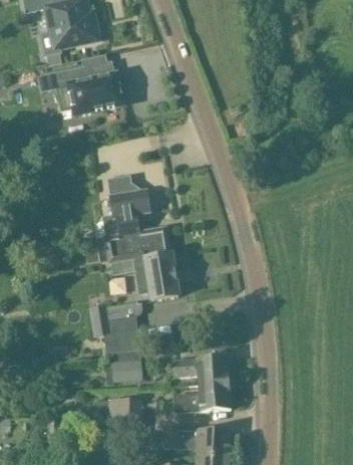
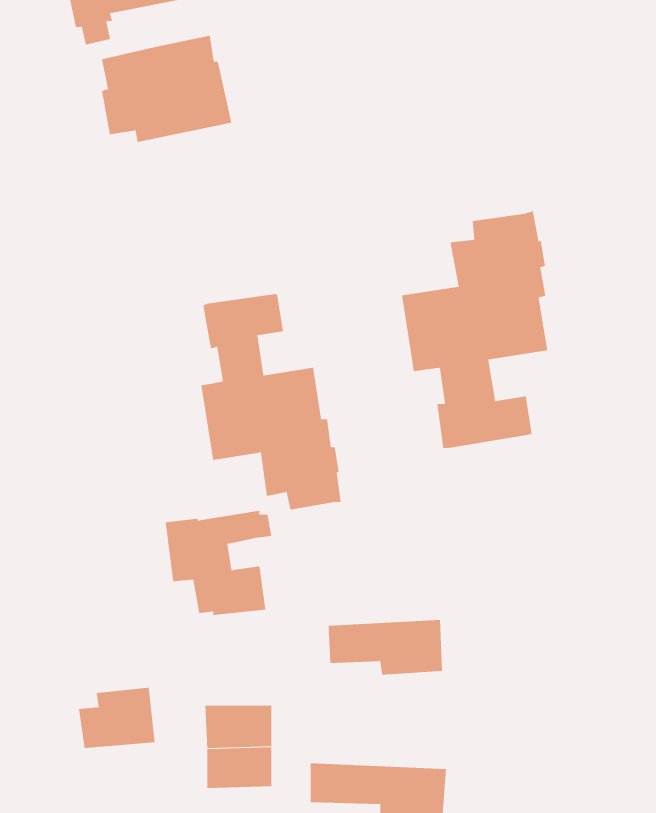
building: none -> [401,210,548,449]
building: [103,350,142,381] -> [78,687,156,749]
building: [172,381,231,411] -> none

